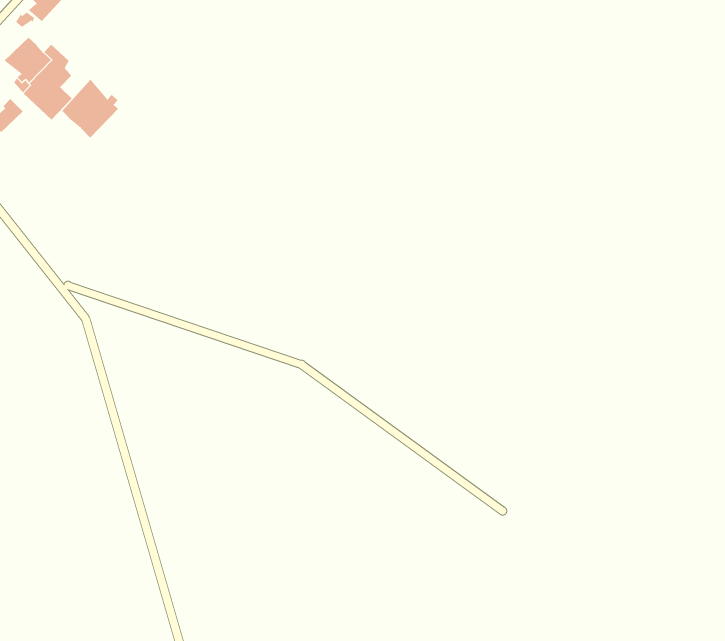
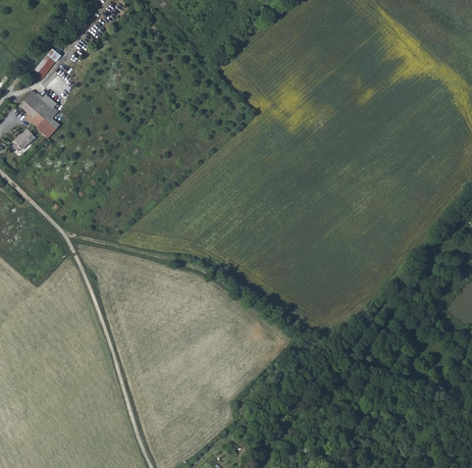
building: [62,79,119,139] -> none

